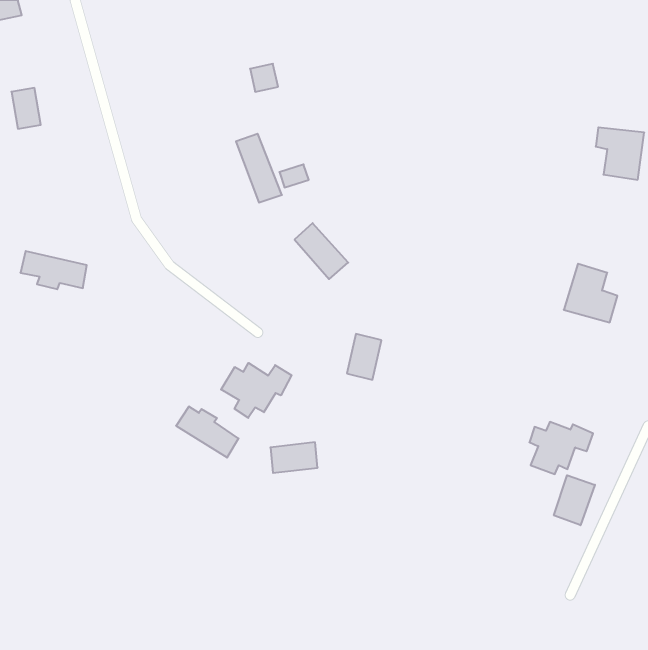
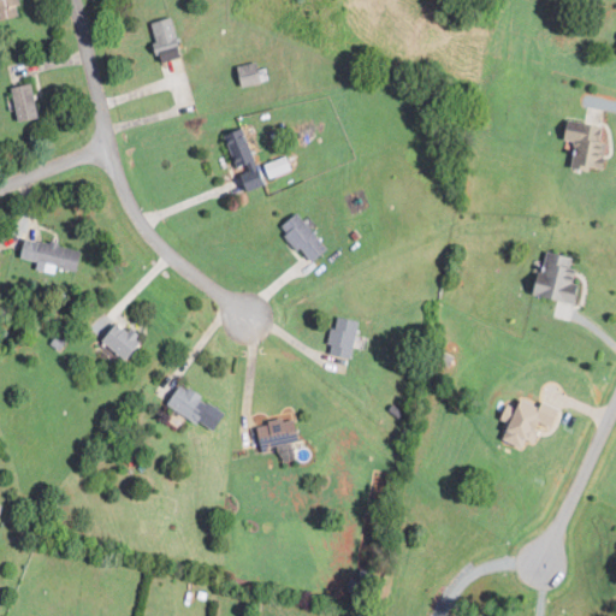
building: none -> [149,17,182,63]
building: none -> [100,321,141,360]
building: [221,363,292,418] -> none
building: [554,475,595,525] -> none

